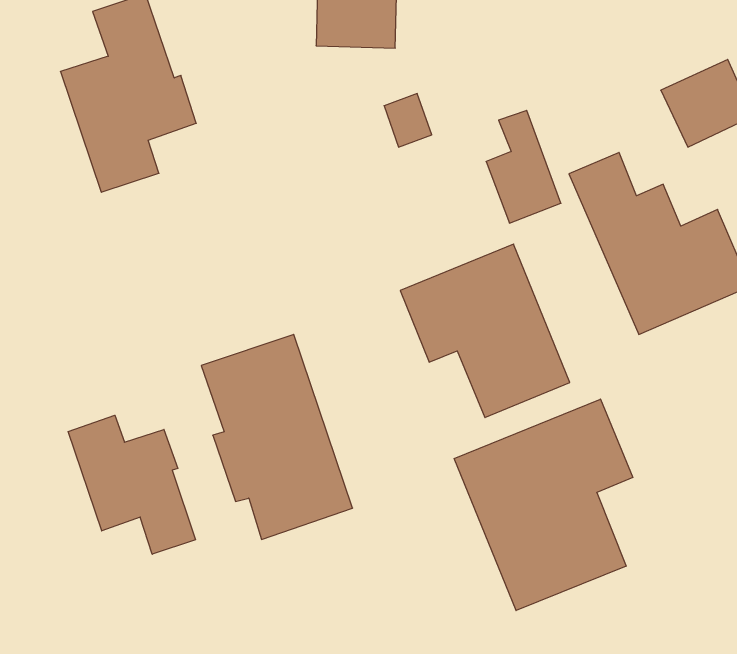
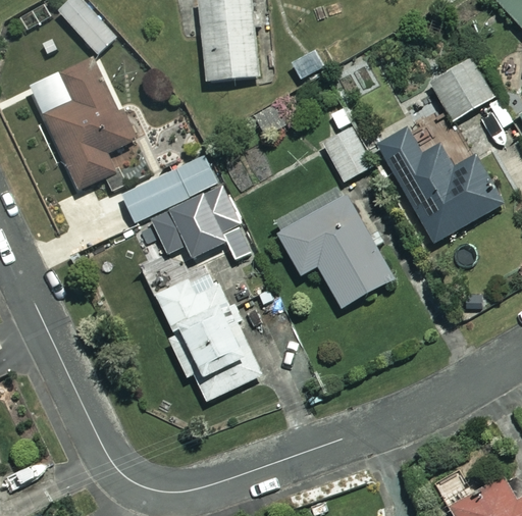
building: none -> [122,153,251,254]
building: [454,399,633,611] -> none
building: [68,415,195,554] -> none

